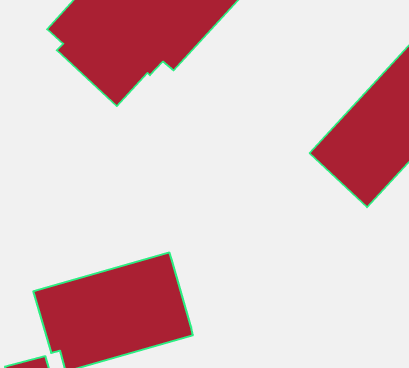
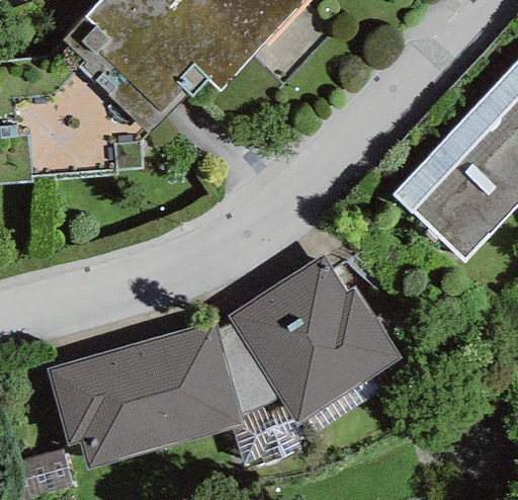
building: none -> [221,255,403,424]

